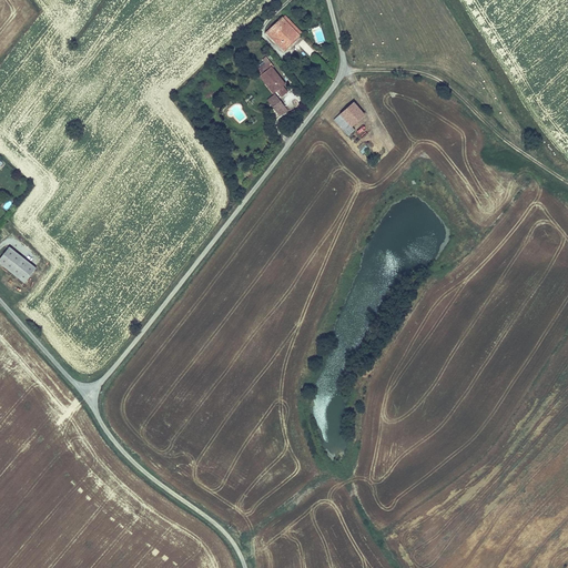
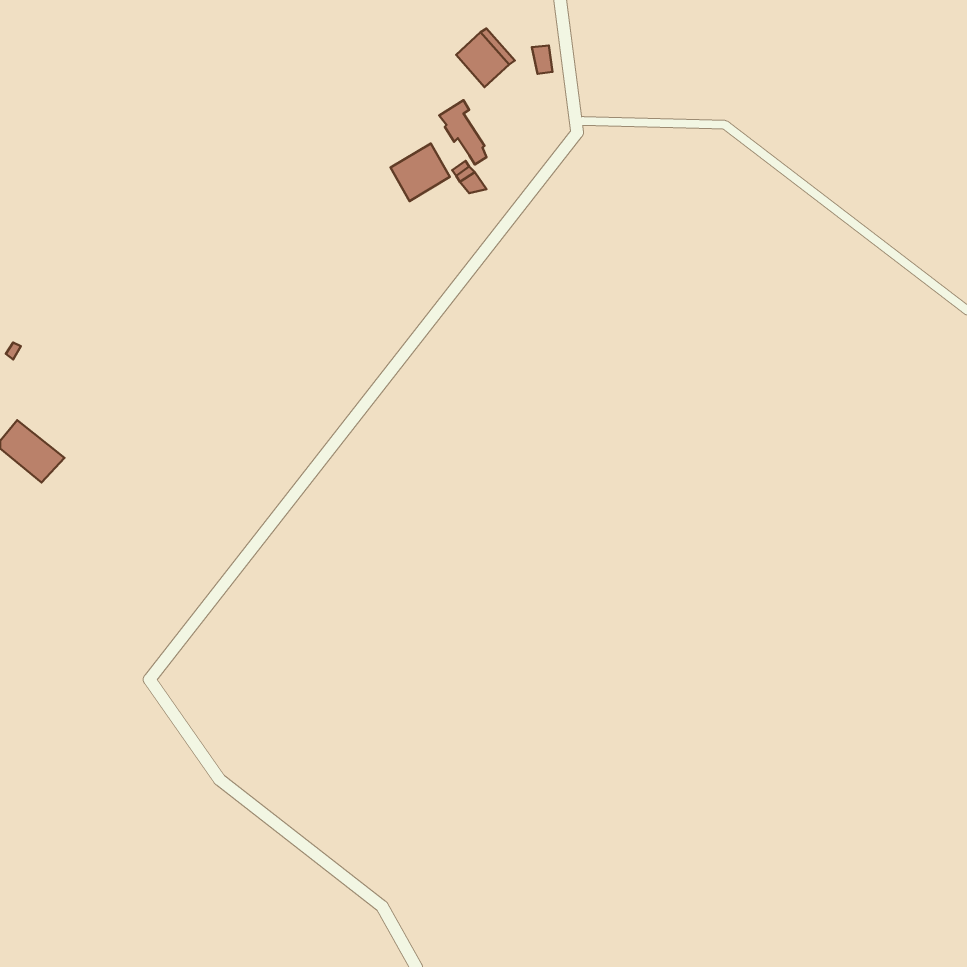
building: none -> [390,143,450,201]
building: [335,103,365,135] -> none

